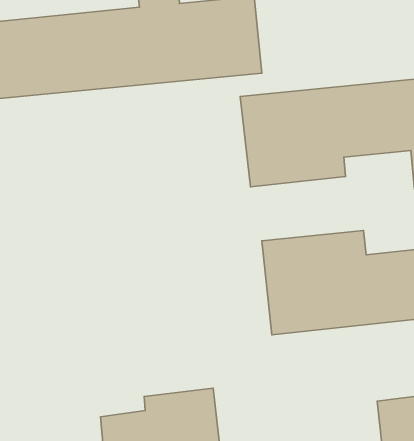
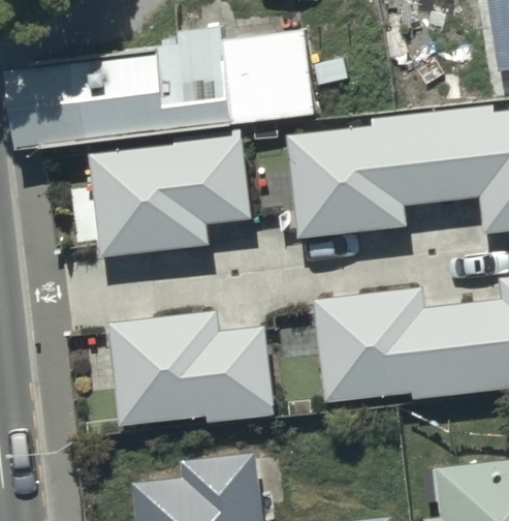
building: none -> [88,136,248,257]
building: none -> [108,314,275,426]

